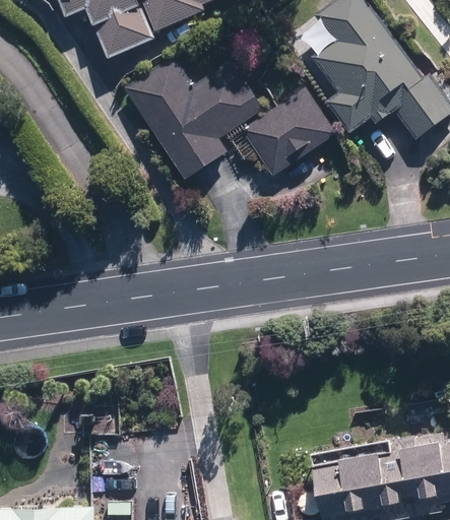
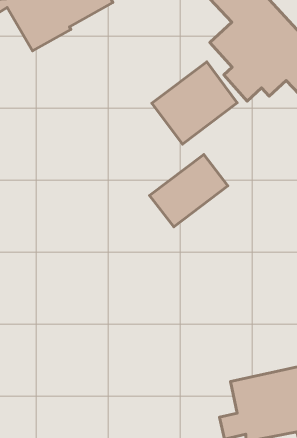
building: [120,54,261,182] -> none
building: none -> [150,155,228,227]

